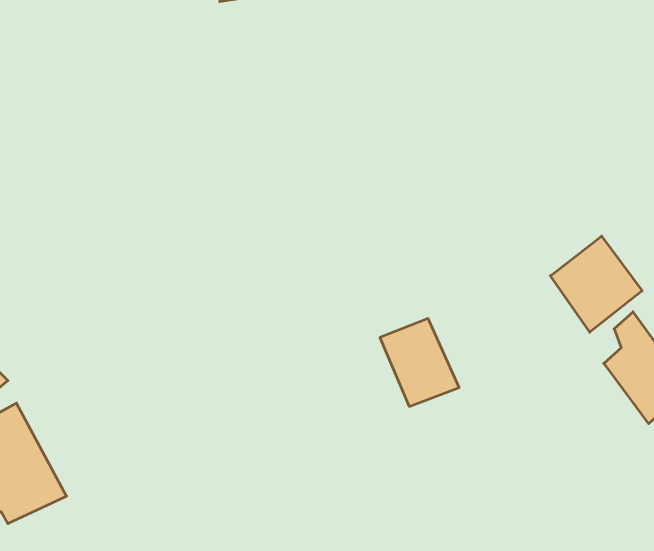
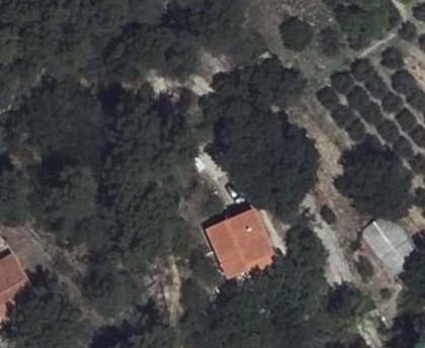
building: [550,236,642,332] -> none
building: none -> [204,216,246,277]

